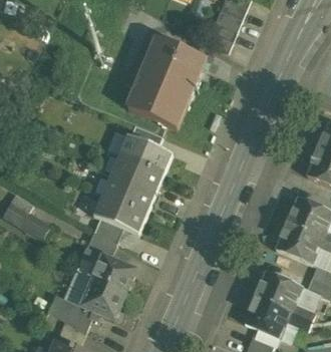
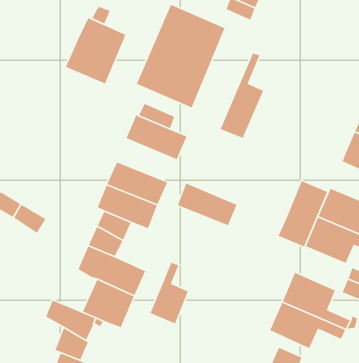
building: none -> [65,17,127,85]
building: none -> [220,52,264,139]
building: [110,154,163,193] -> [177,183,238,226]
building: none -> [278,180,328,247]
building: none -> [149,262,189,324]

